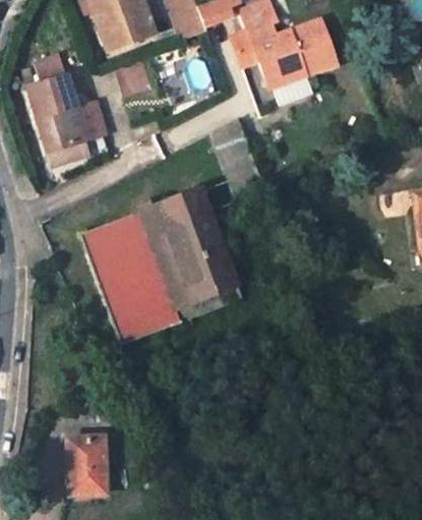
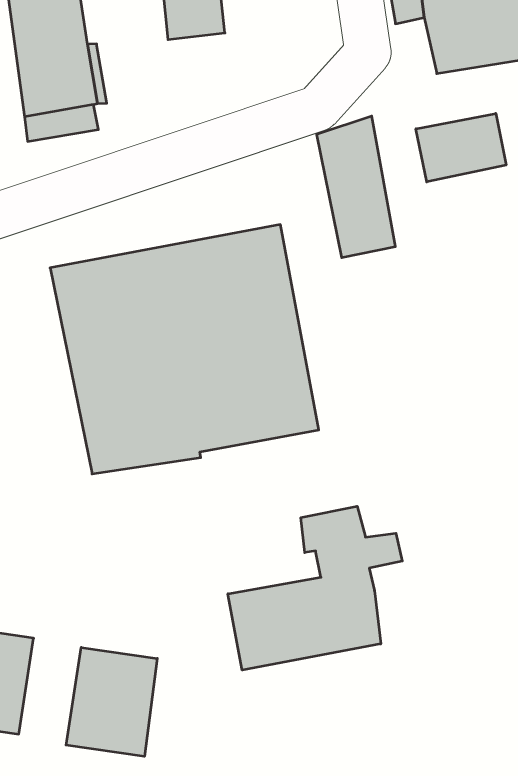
building: none -> [416,113,506,182]
building: none -> [228,506,402,670]
building: none -> [66,647,157,756]

